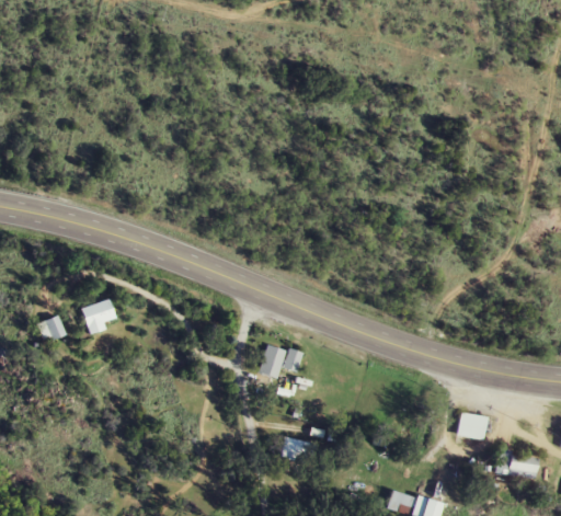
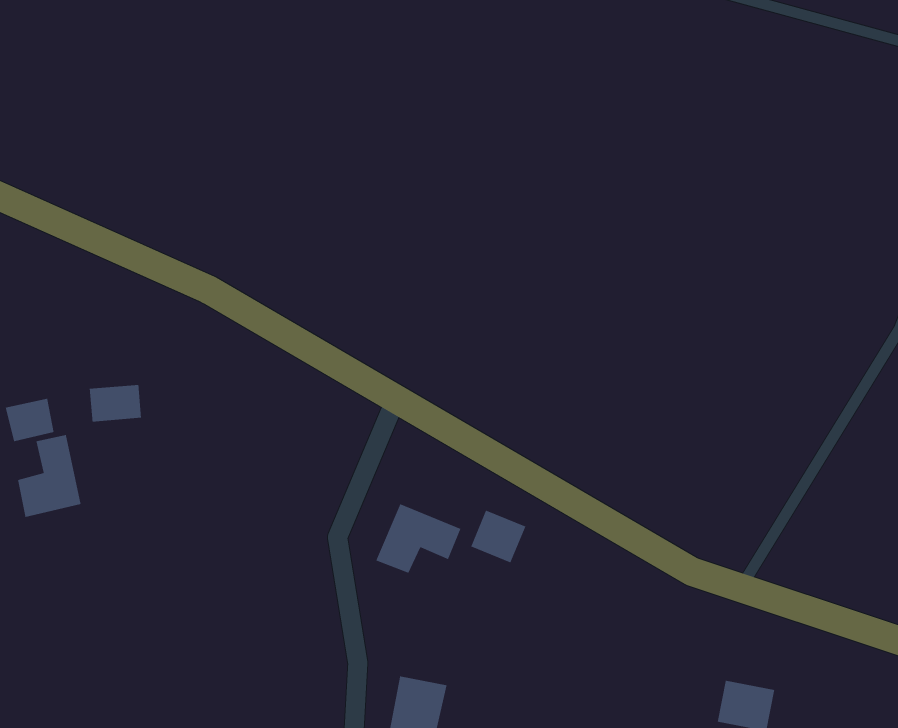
building: none -> [17,434,82,518]
building: none -> [470,509,526,564]

